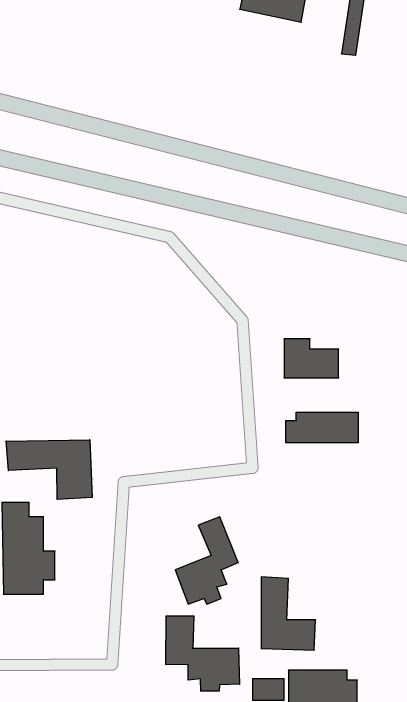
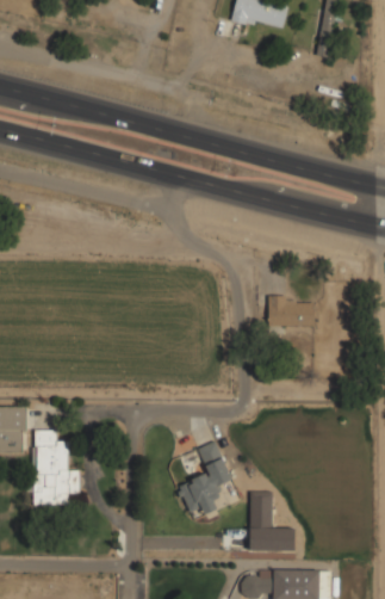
building: [286,412,358,443] -> none
building: [6,440,92,499] -> none
building: [166,616,240,691] -> none

